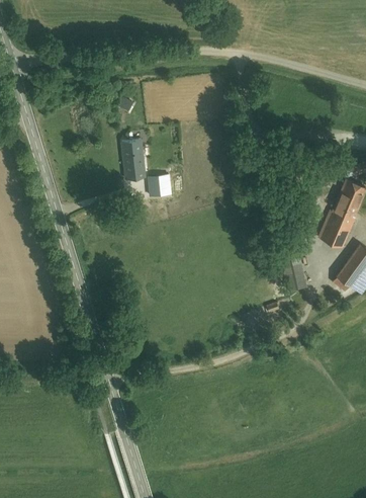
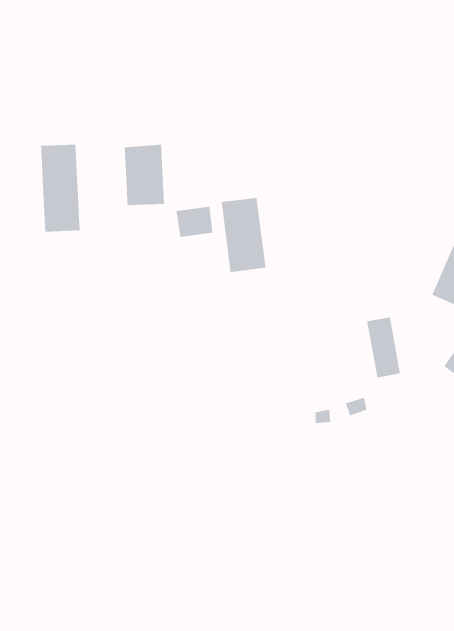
building: none -> [40,144,81,233]
building: none -> [221,197,267,273]

